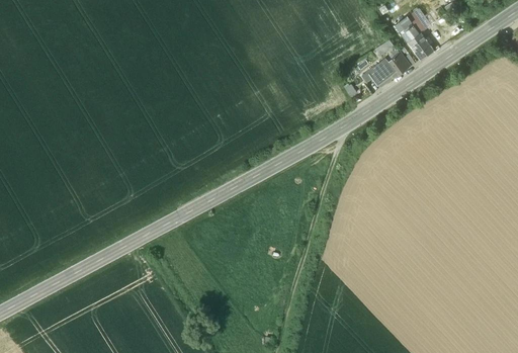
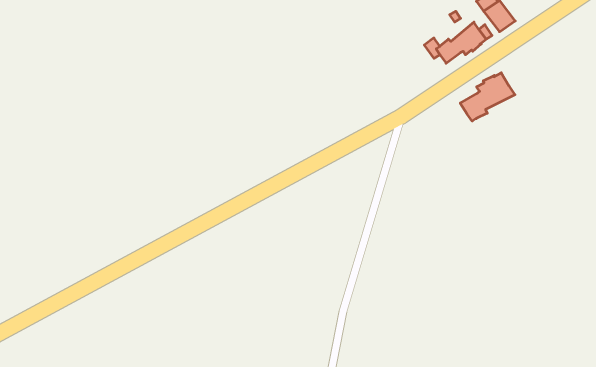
building: none -> [460,73,515,121]

